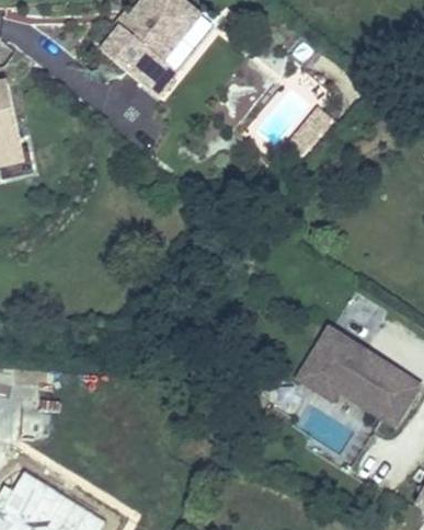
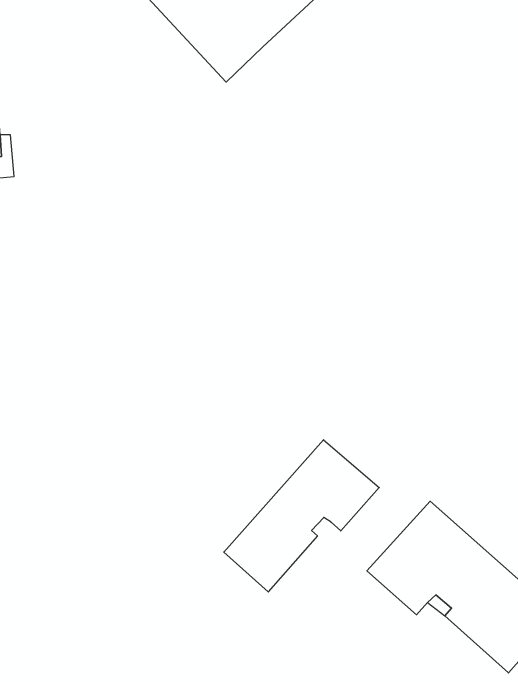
building: none -> [224,440,379,592]

